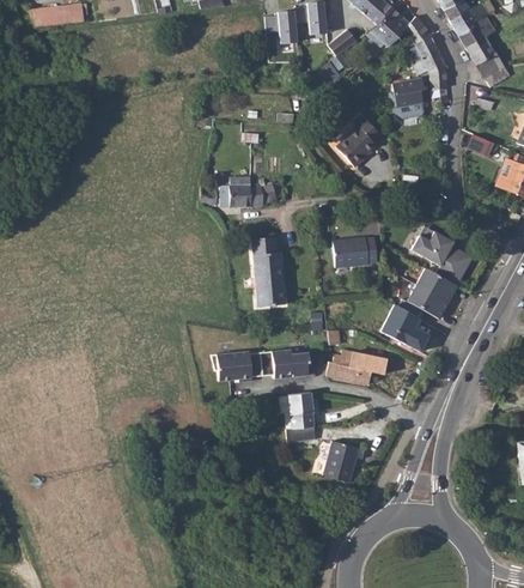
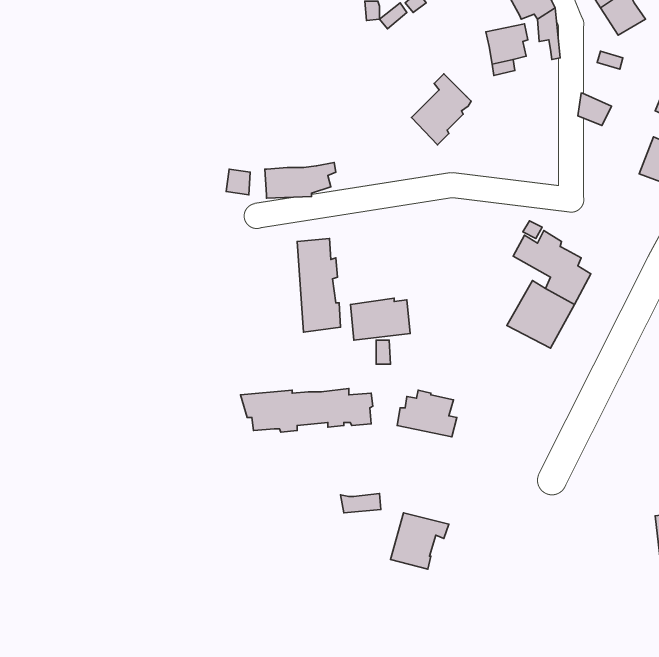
building: [334,236,378,267] -> [350,298,410,340]
building: [382,304,428,351] -> none
building: [287,392,313,428] -> none

